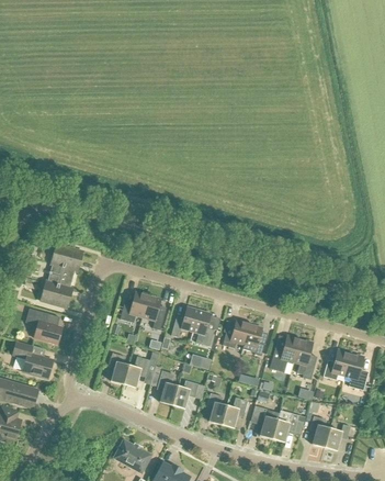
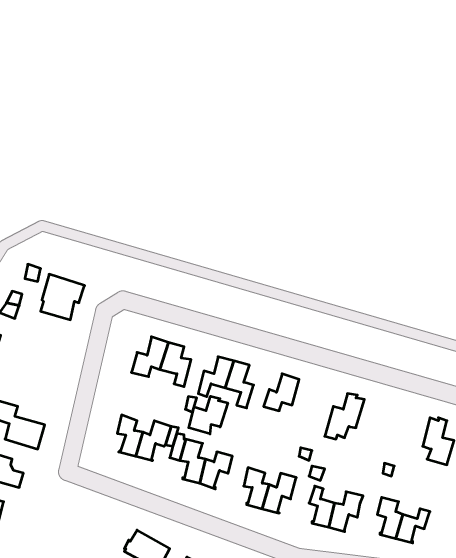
building: [39,271,72,307] -> none
building: [25,307,63,344] -> none
building: [241,324,264,356] -> none
building: none -> [189,396,228,434]
building: [293,339,317,379] -> none
building: [322,348,350,379] -> none

